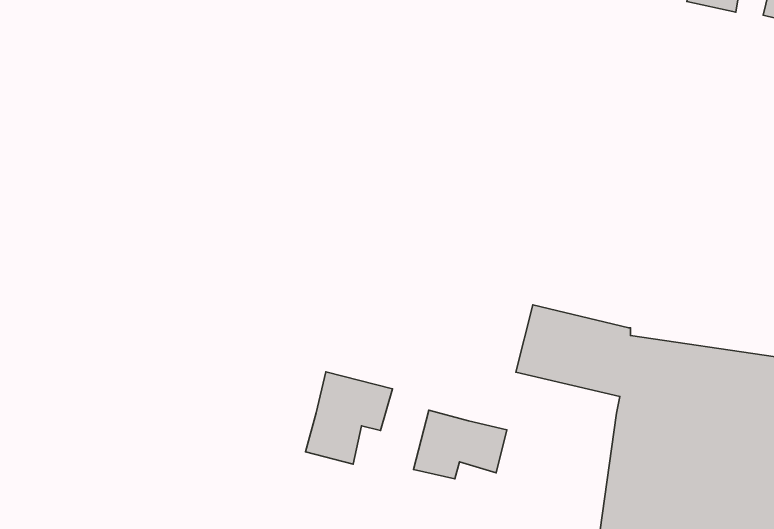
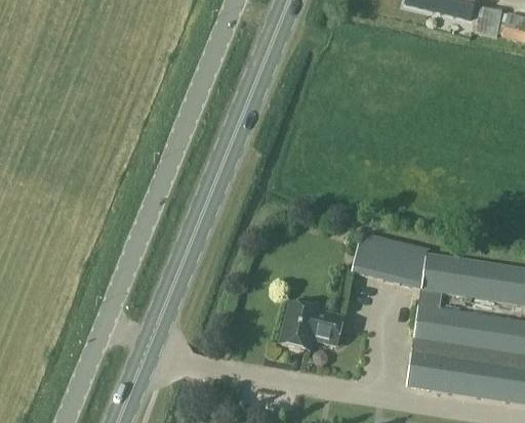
building: [305,372,393,464] -> none

